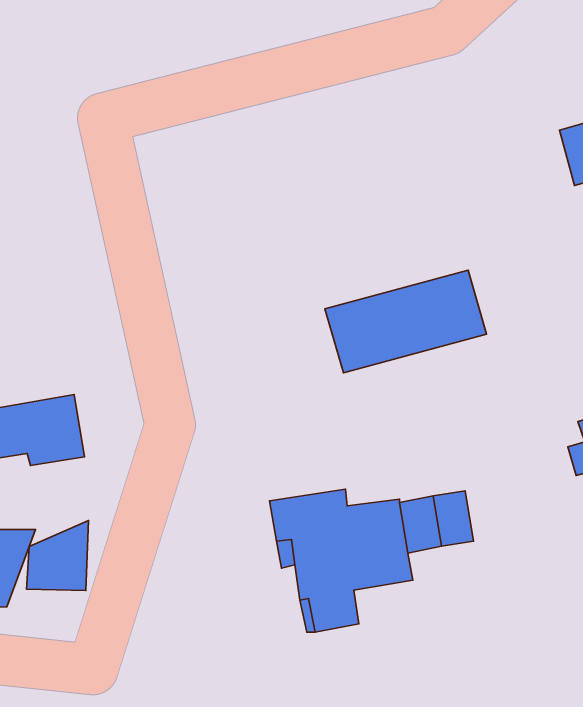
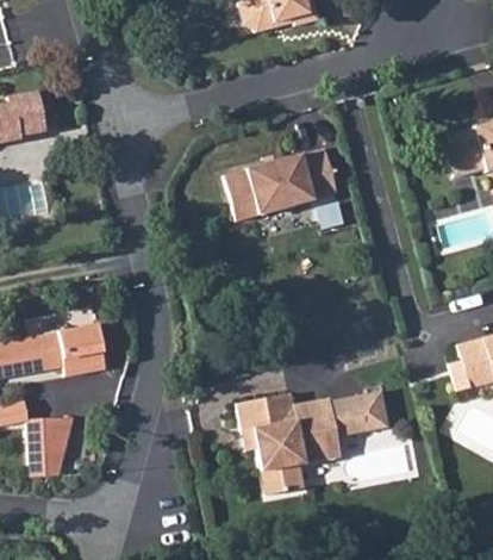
building: [325,270,487,373] -> [223,149,337,222]
building: [26,520,88,590] -> none

